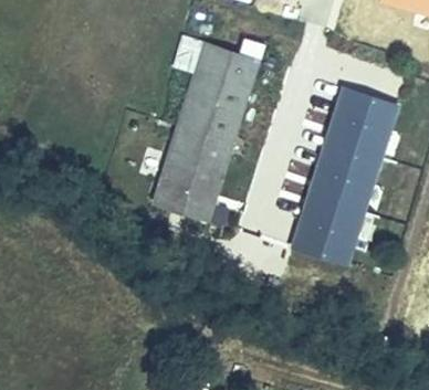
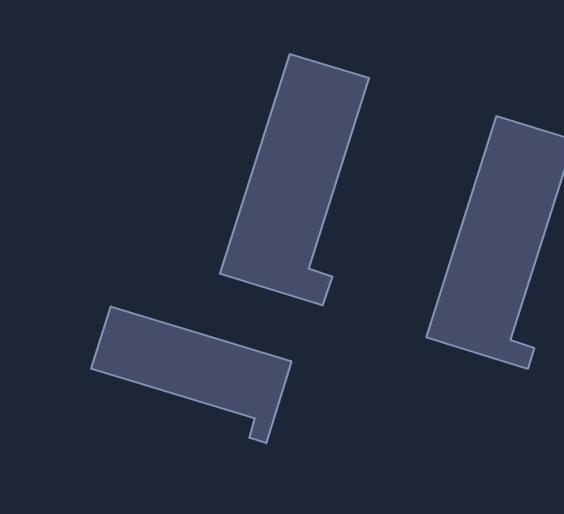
building: none -> [91,306,291,443]

